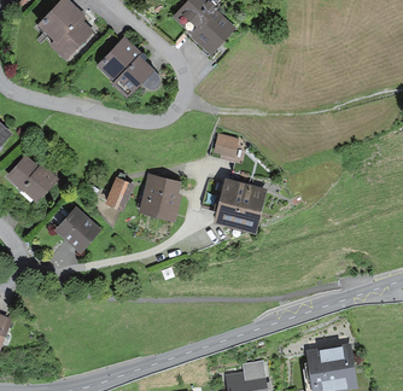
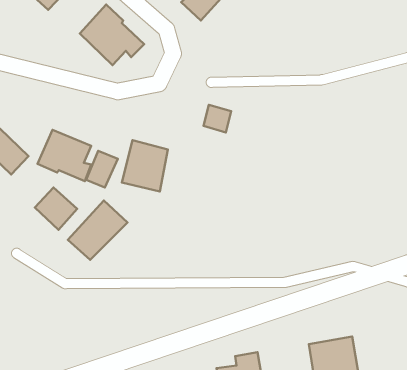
building: none -> [37,130,91,181]
building: [208,167,262,228] -> none
building: none -> [68,201,127,260]

